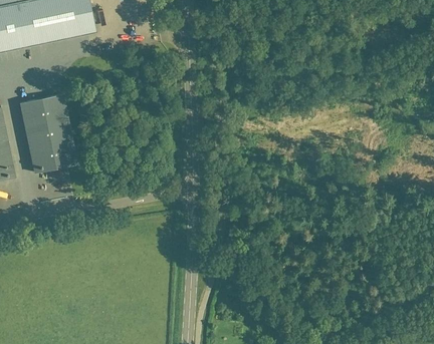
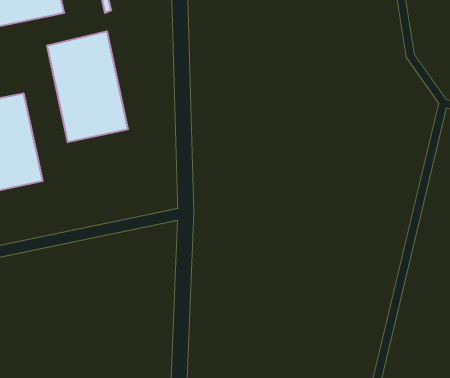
building: none -> [47,31,128,142]

